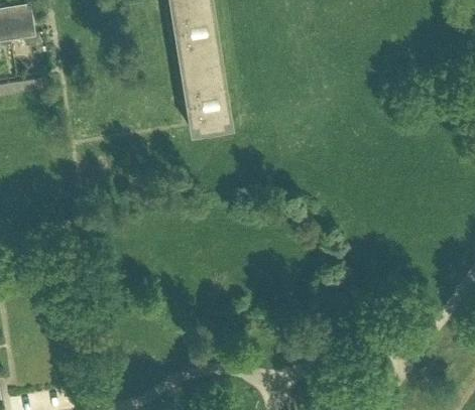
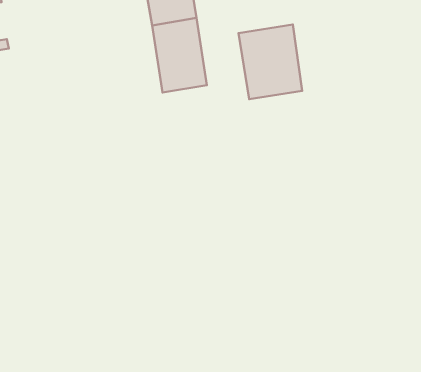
building: none -> [238,25,302,99]

